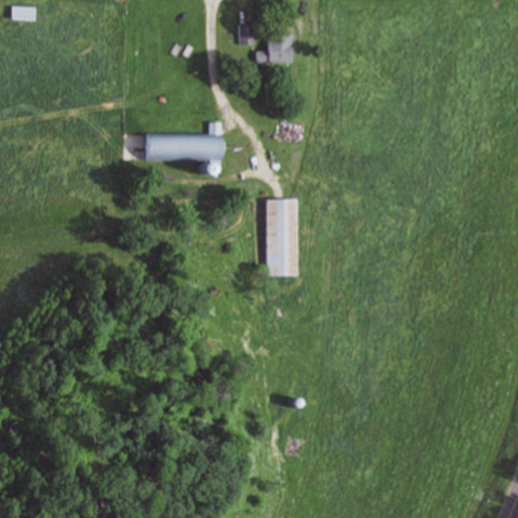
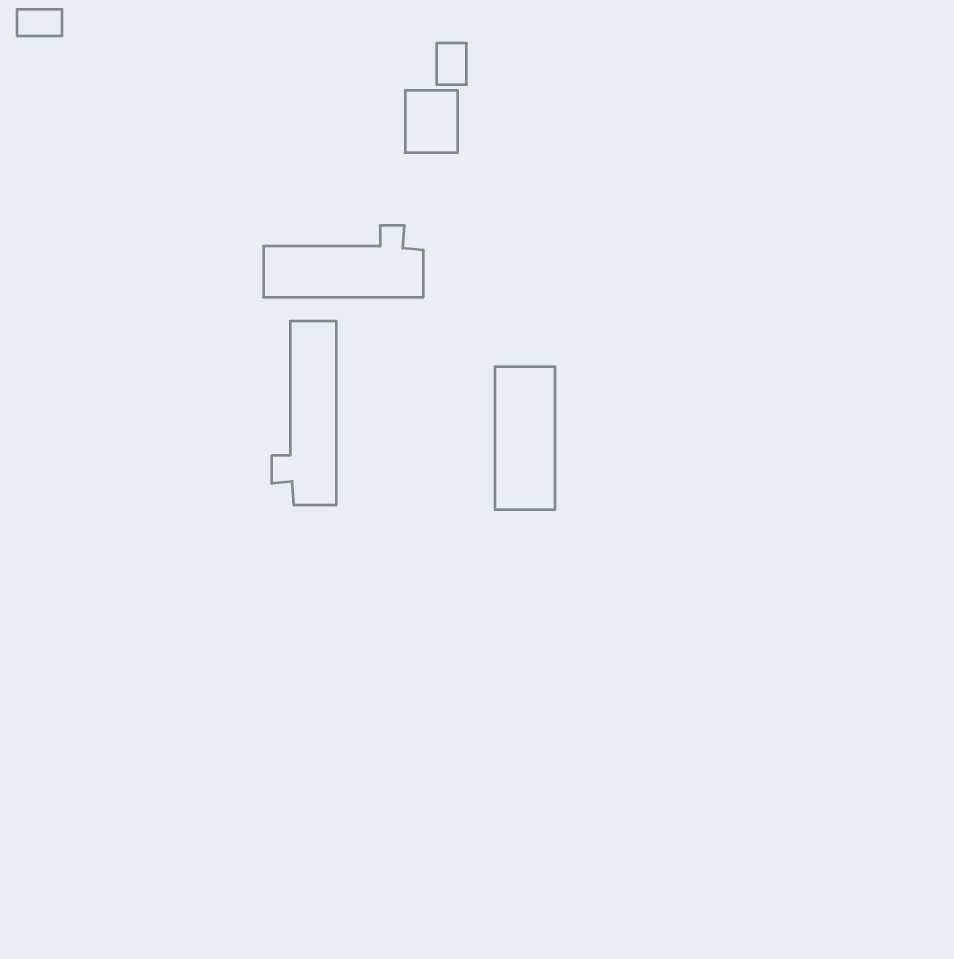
building: [262,28,290,62] -> [405,91,458,153]
building: none -> [272,321,336,505]

